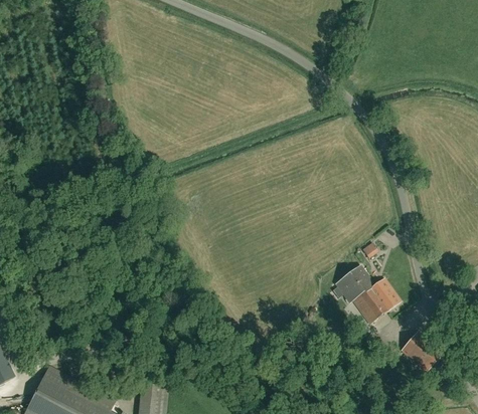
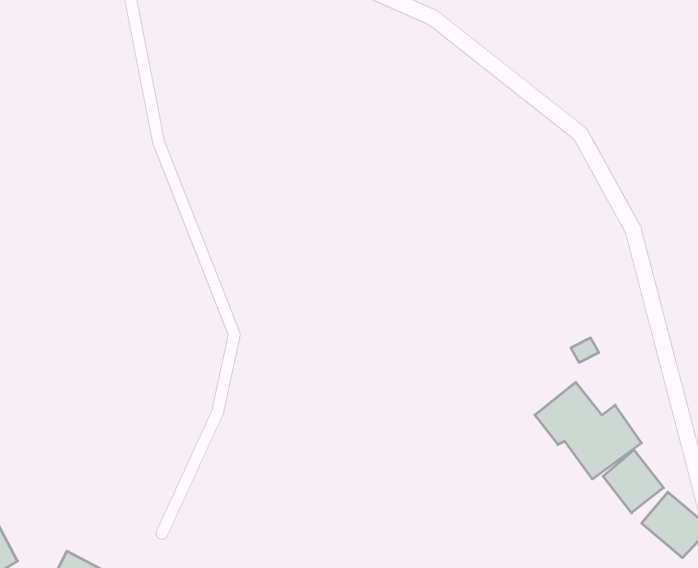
building: none -> [603,450,664,513]

